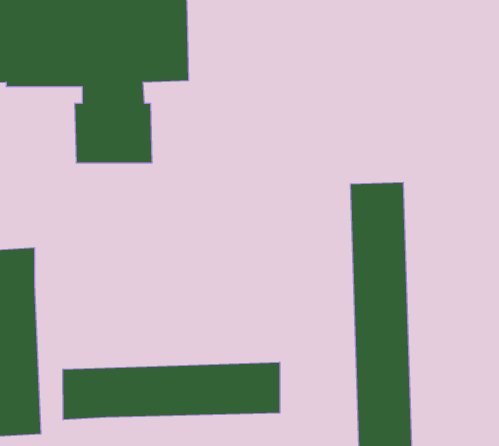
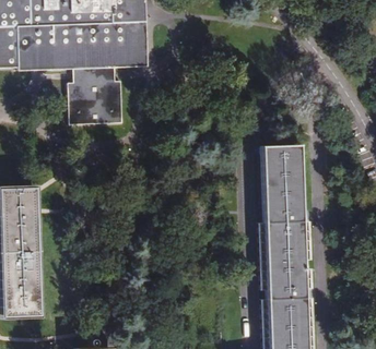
building: [63,362,280,420] -> none

